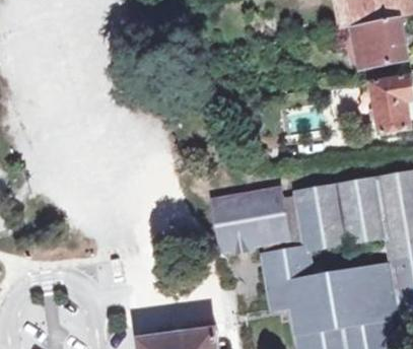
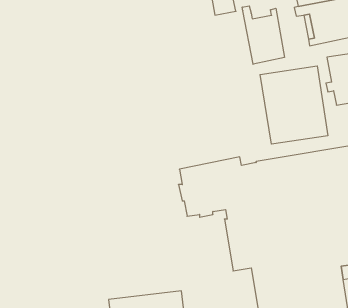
building: none -> [242,6,284,64]
building: none -> [260,66,328,144]

